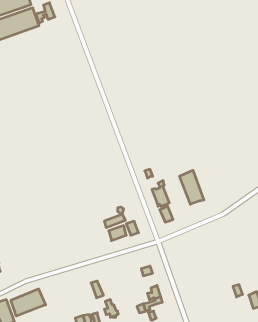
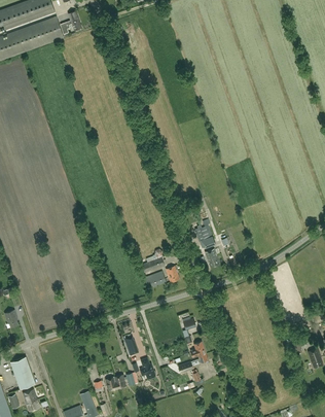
building: [180,170,204,204] -> none
building: [11,289,46,316] -> none

